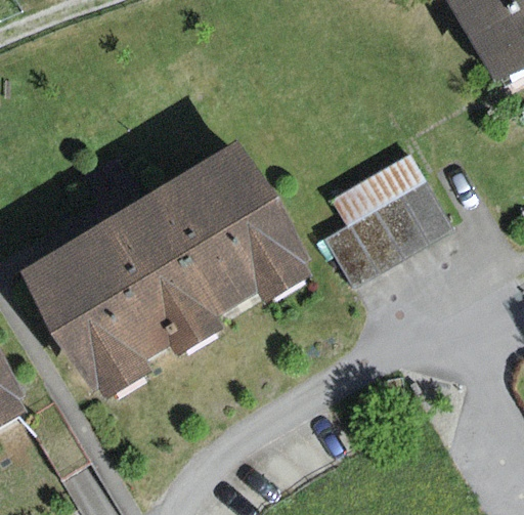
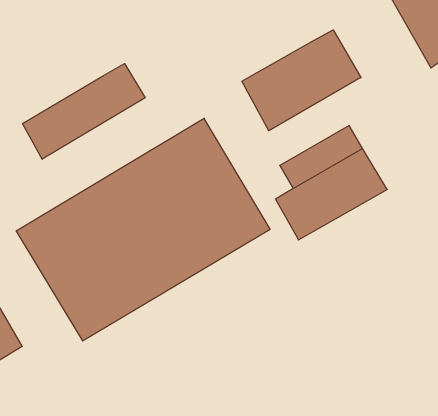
building: none -> [242,30,361,131]
building: none -> [23,64,145,159]

